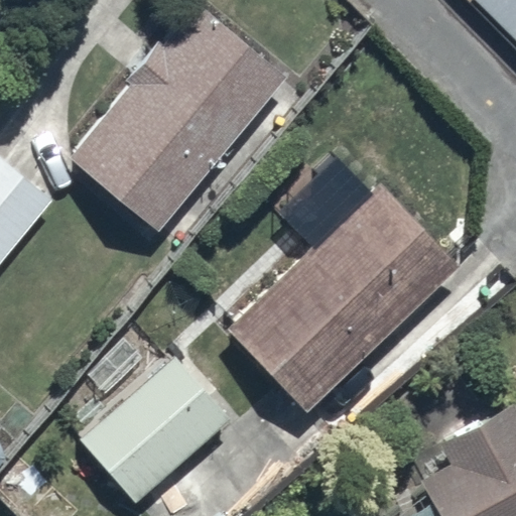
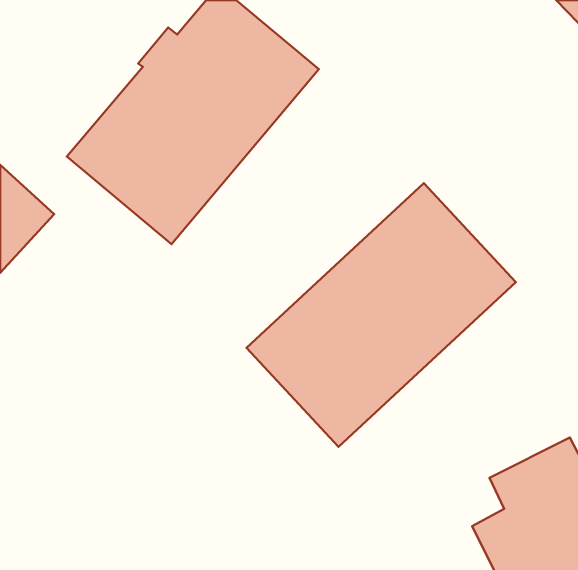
building: [81,353,230,500] -> none

